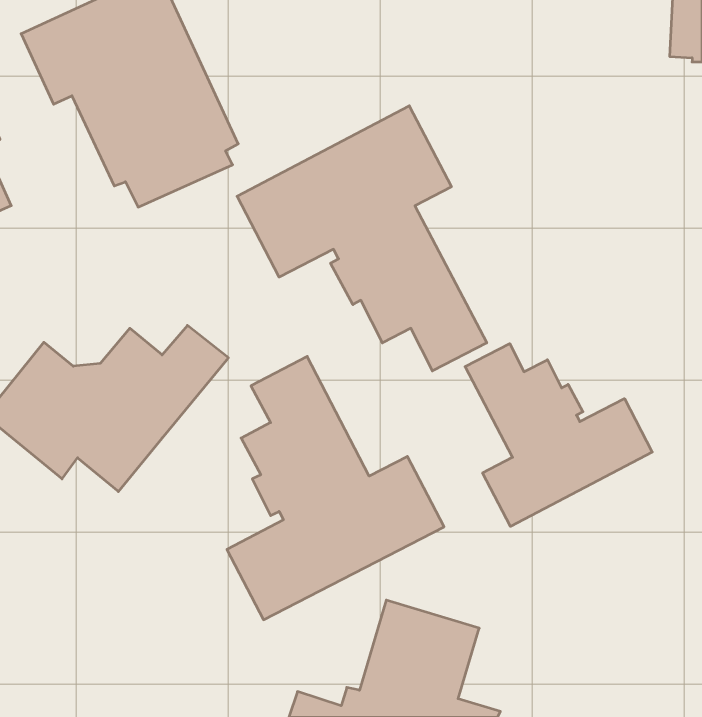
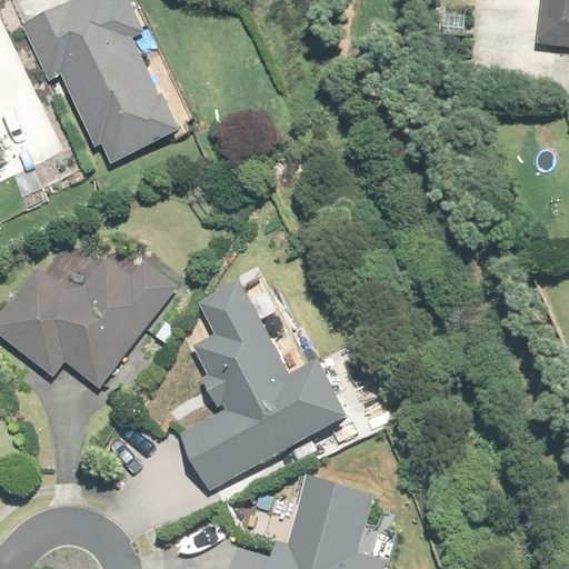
building: [237,106,487,371] -> none
building: [465,344,652,526] -> none

